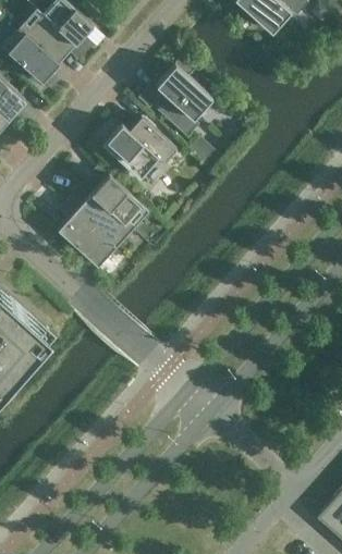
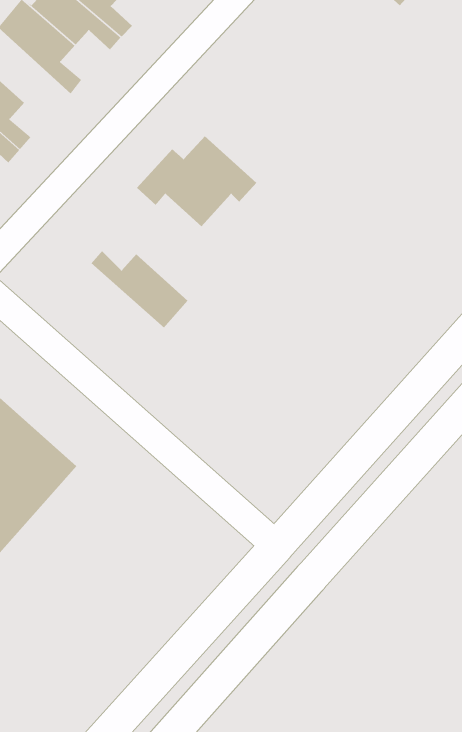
building: [151,57,211,137] -> none
building: [89,164,151,227] -> none
building: [57,202,113,266] -> none

